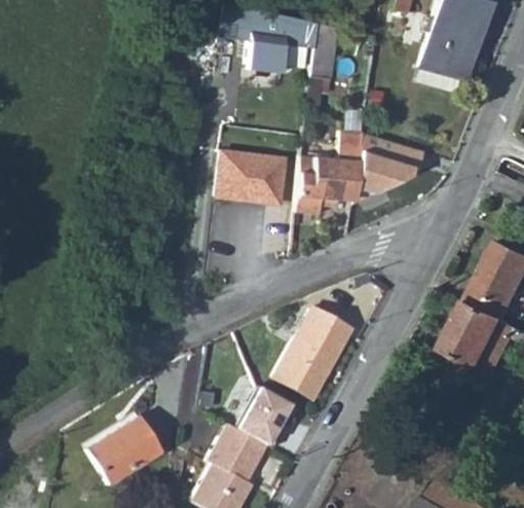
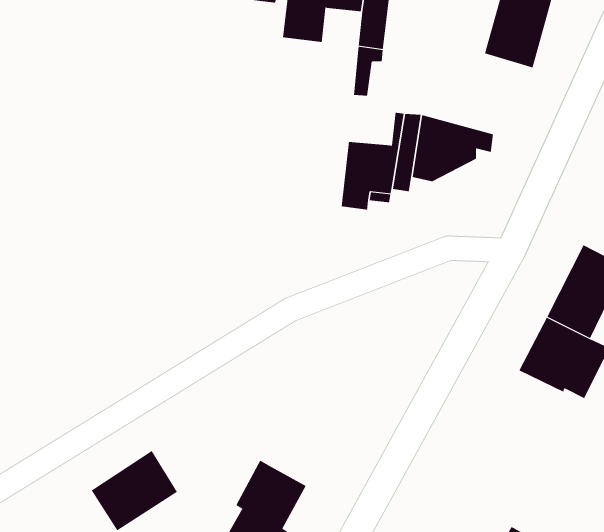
building: [217,151,285,204] -> none
building: [276,307,353,397] -> none
building: [236,386,291,447] -> none

